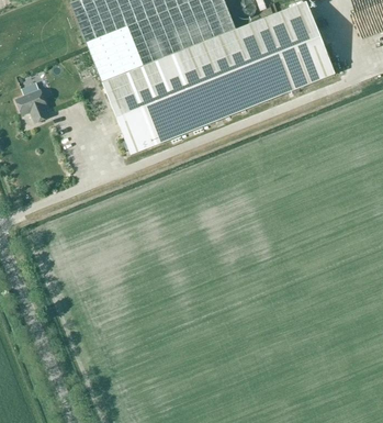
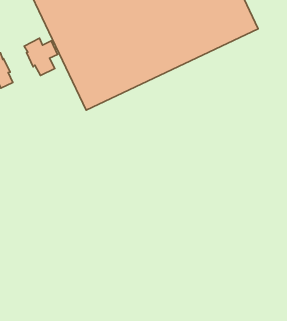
building: none -> [24,38,57,76]

